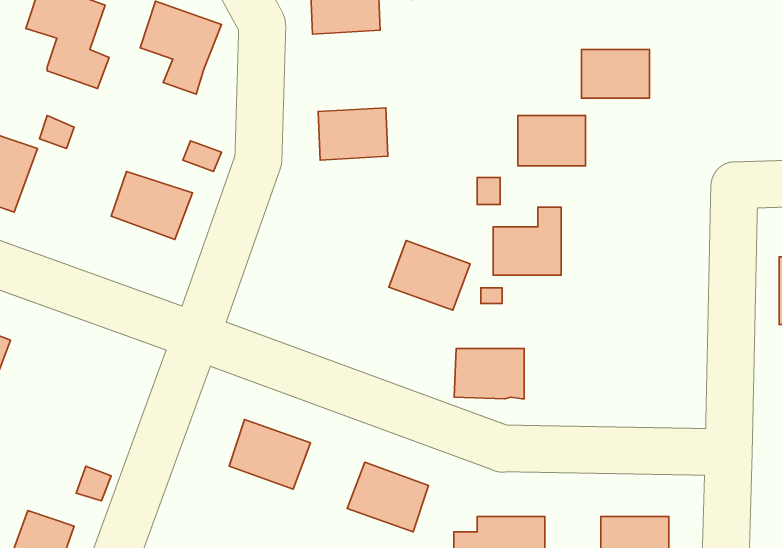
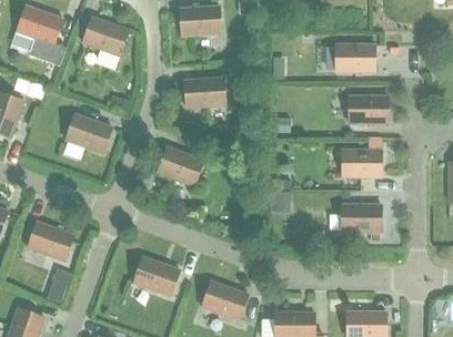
building: [518,116,585,166] -> [349,94,387,123]
building: [493,207,561,275] -> [342,137,381,176]
building: [389,241,470,310] -> [157,145,203,185]
building: [454,349,524,399] -> [341,203,381,232]
building: none -> [27,219,73,259]

